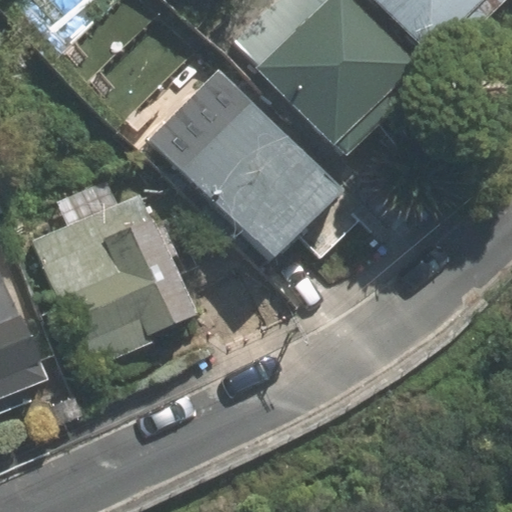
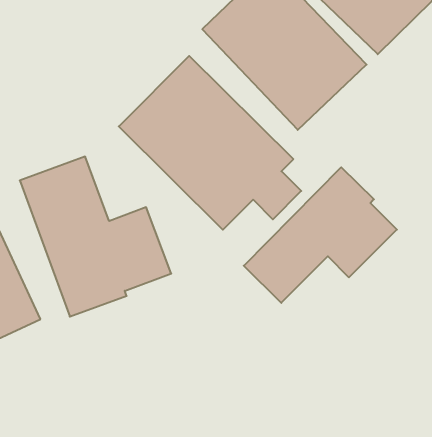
building: none -> [244,167,397,303]

